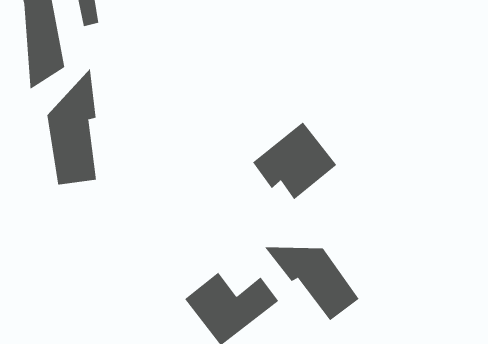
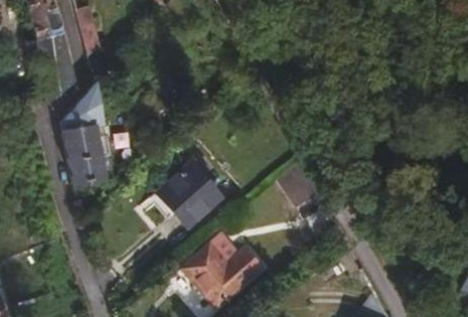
building: [252,121,337,200] -> [151,162,221,227]
building: [264,246,360,321] -> none

